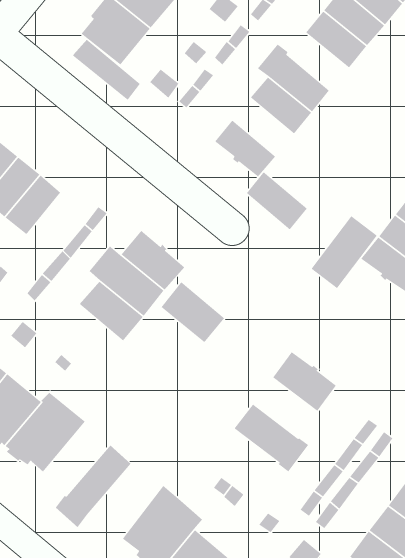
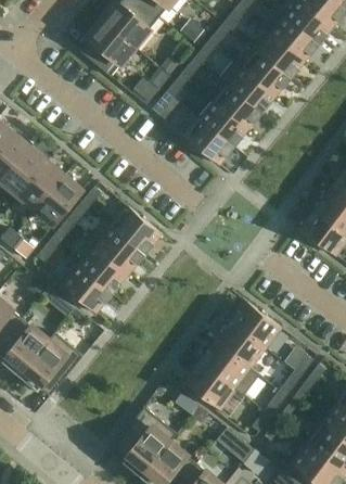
building: none -> [242,50,291,95]
building: [72,39,141,101] -> none
building: [246,171,308,230] -> [198,101,247,148]
building: none -> [37,176,81,224]
building: [310,215,378,289] -> none
building: [160,281,225,343] -> [62,264,113,313]
building: none -> [215,321,266,369]
building: none -> [183,361,235,409]
building: [55,445,132,528] -> none

